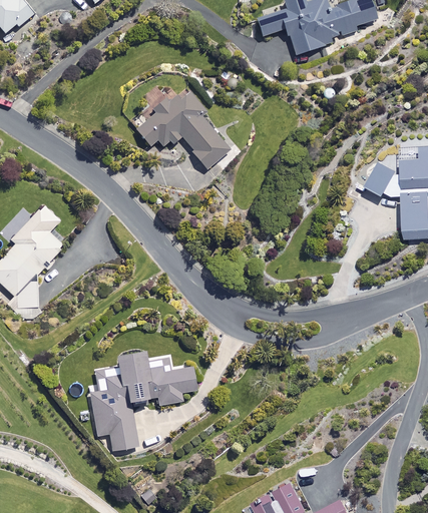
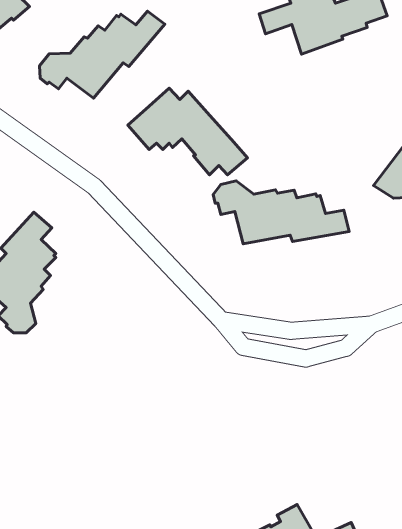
building: none -> [40,11,165,98]
building: none -> [213,181,349,244]
building: [88,349,197,450] -> none

